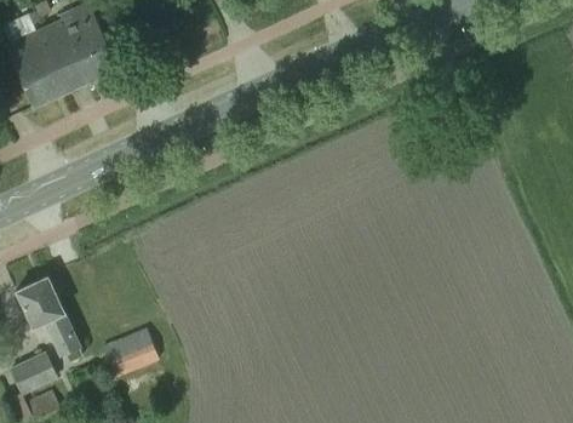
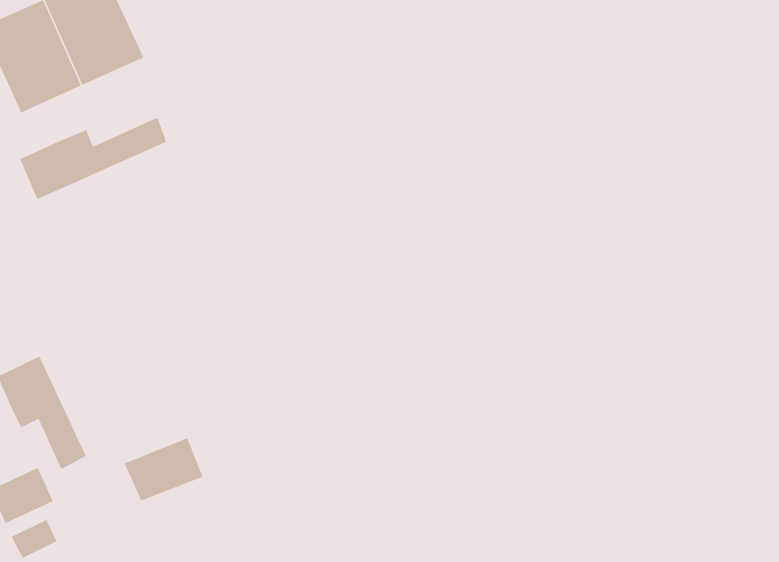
building: none -> [19,116,167,200]

